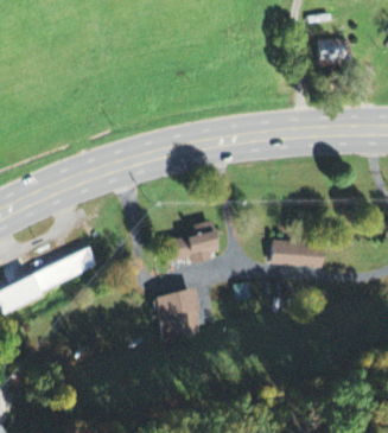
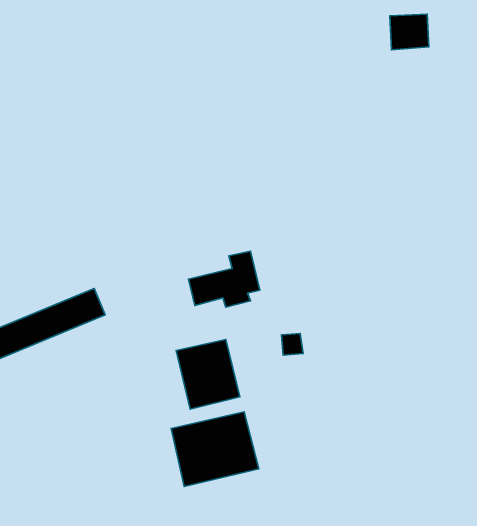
building: [269,242,322,267] -> none
building: none -> [171,412,259,487]

